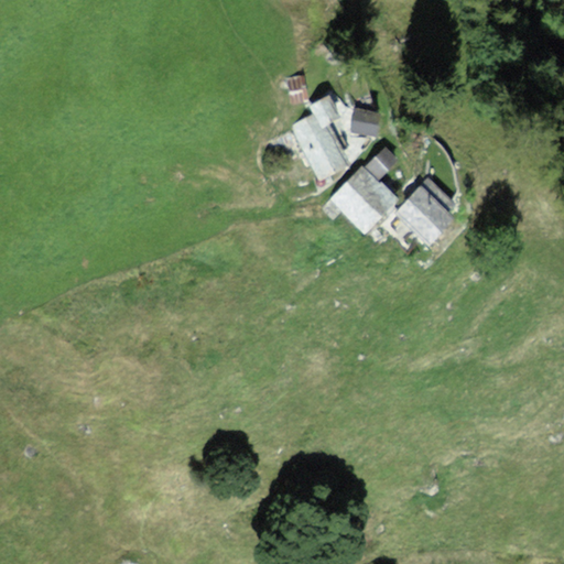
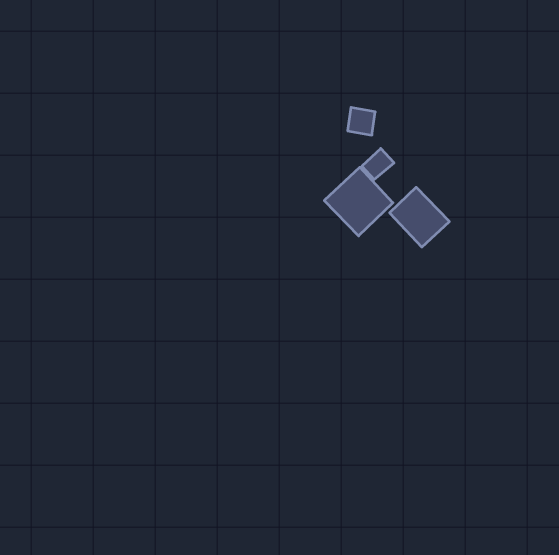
building: [292,96,345,177] -> none

